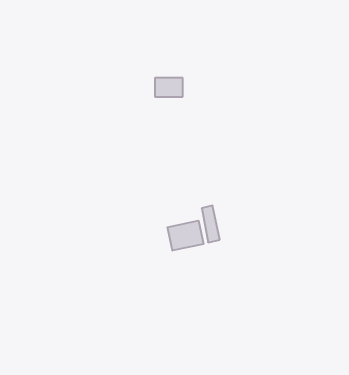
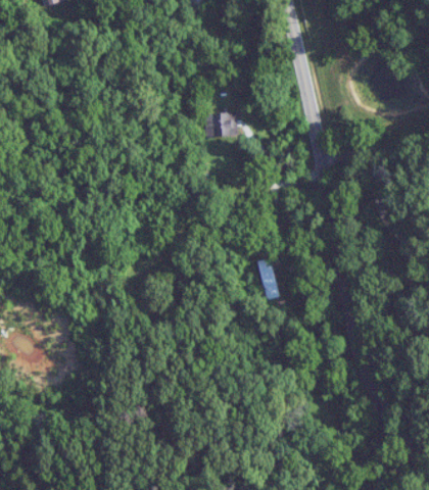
building: [167,221,203,251] -> none

